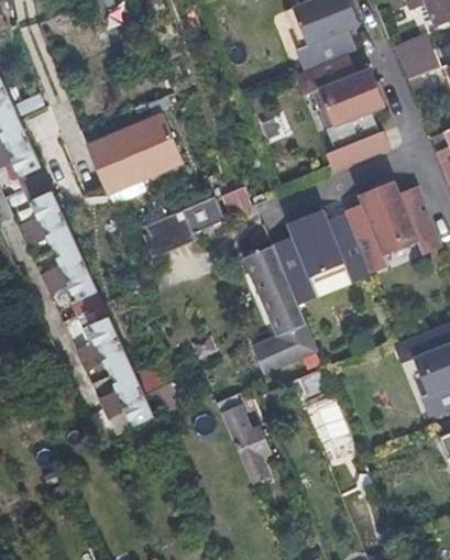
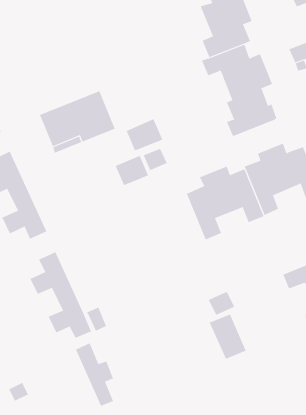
building: [147,209,194,250] -> [126,119,163,151]
building: [245,246,315,372] -> none
building: [221,404,270,484] -> [75,342,114,406]

